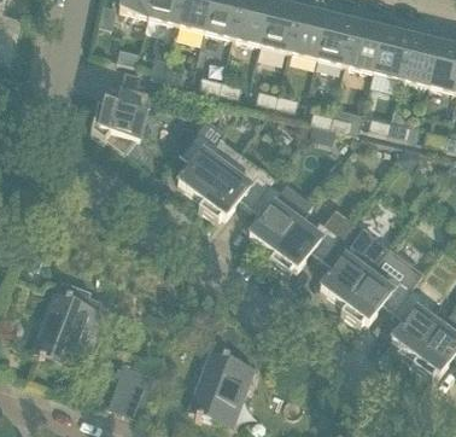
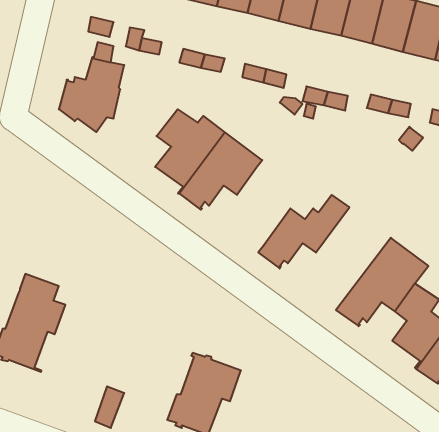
building: [249,182,312,260] -> none
building: [320,218,390,305] -> none
building: [107,363,154,412] -> none

